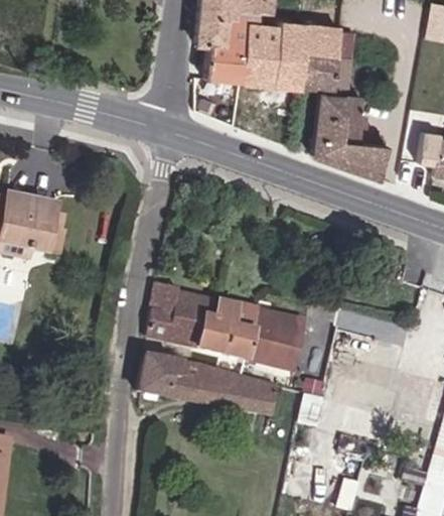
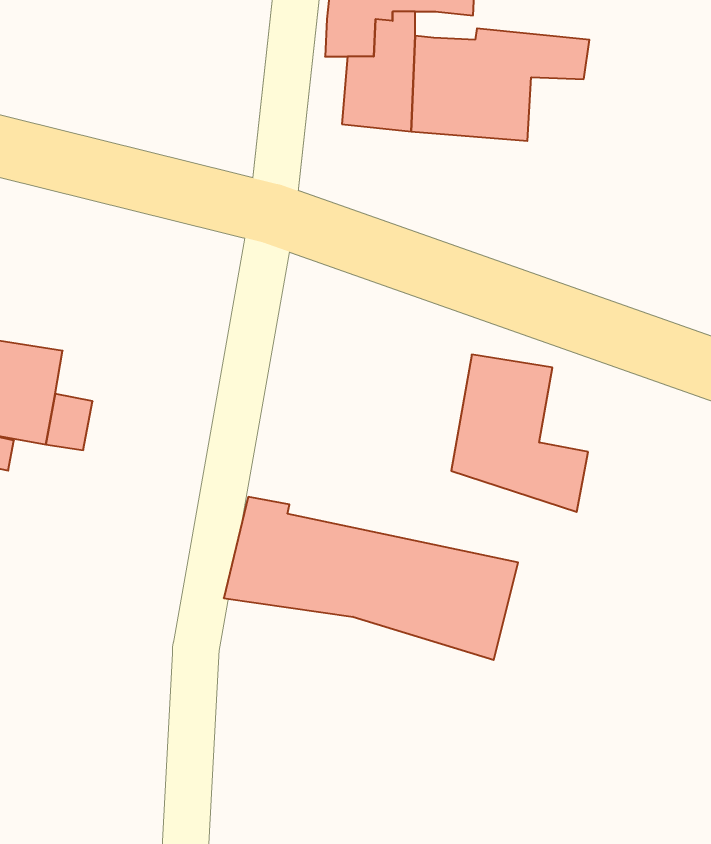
building: [308,53,338,90] -> none
building: [309,94,383,178] -> [451,355,588,512]
building: [138,350,277,410] -> none

